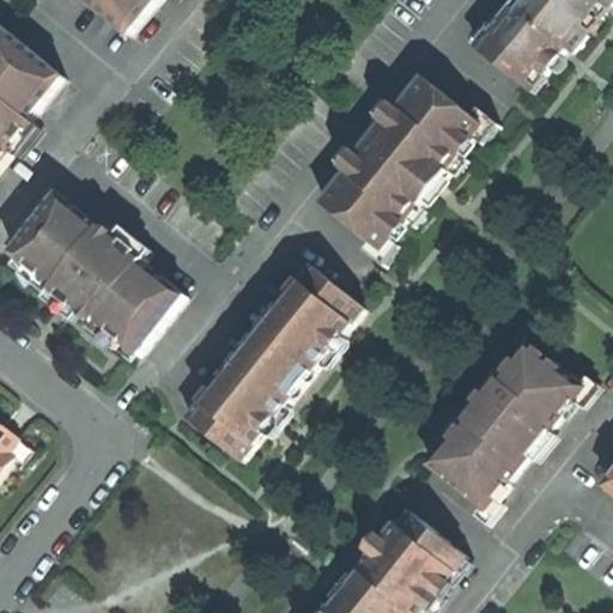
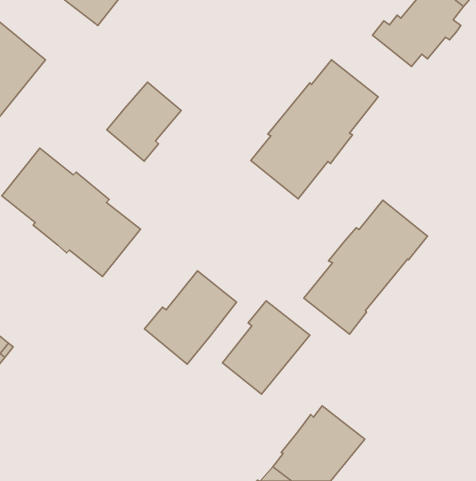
building: none -> [107,82,181,161]
building: [249,263,359,381] -> [223,301,310,394]
building: [424,340,579,509] -> [304,200,427,334]

